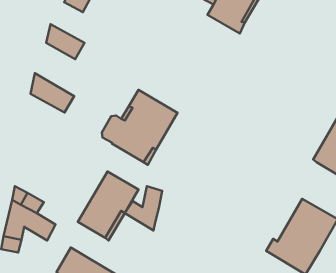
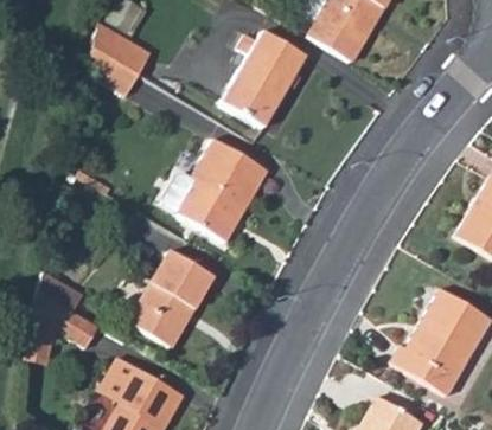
building: none -> [223,28,307,124]
building: [31,73,74,112] -> [91,18,152,72]
building: [125,186,162,230] -> none

